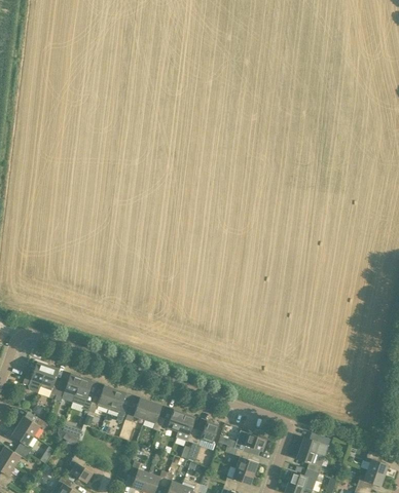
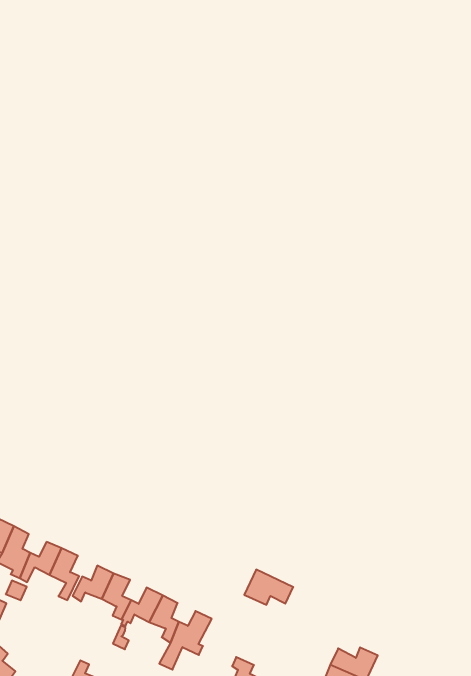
building: [233,430,265,453] -> [244,570,293,605]

